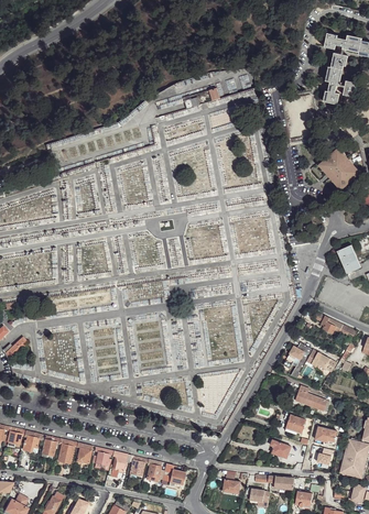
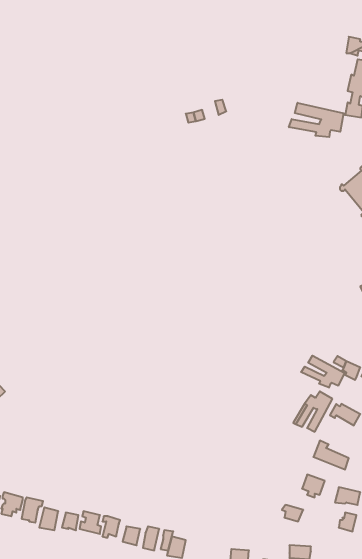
building: none -> [289,103,344,137]
building: none -> [301,356,344,388]

